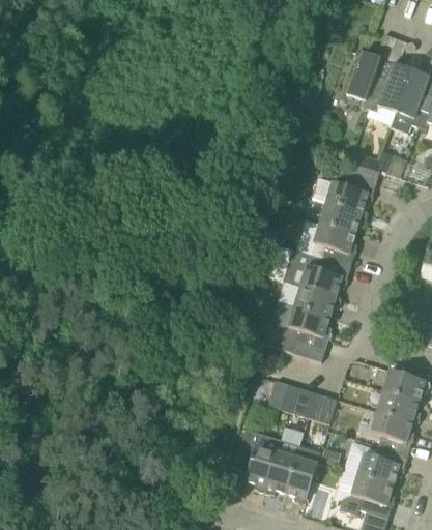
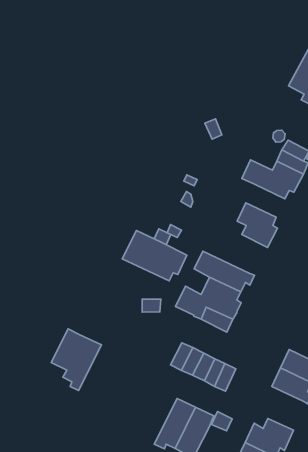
building: [319,202,366,233] -> none
building: [282,248,349,296] -> [122,230,187,281]
building: [371,411,413,453] -> none
building: [229,428,279,491] -> [51,329,101,391]

